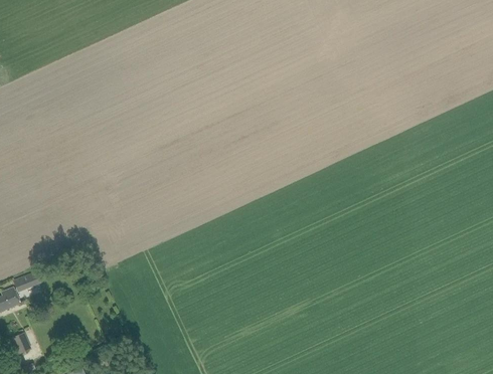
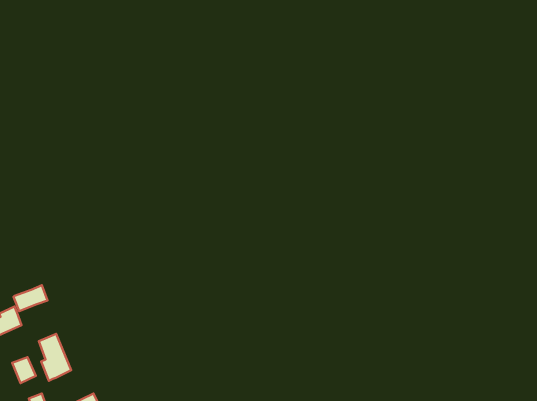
building: none -> [39,334,71,381]

